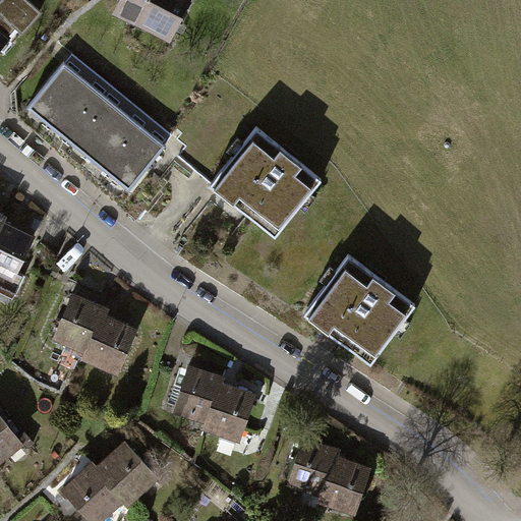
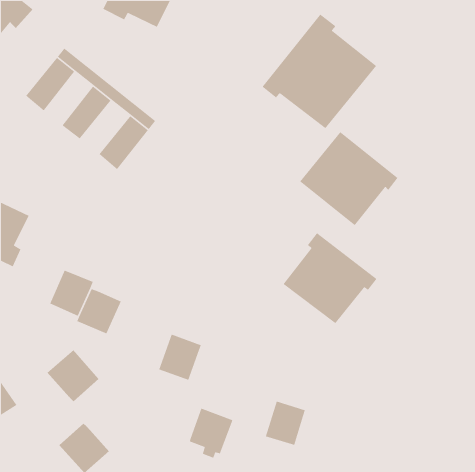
building: none -> [262,13,377,129]
building: [48,81,102,140] -> none
building: [88,113,142,172] -> none
building: [211,129,320,233] -> [299,131,399,226]
building: [206,387,254,443] -> [189,408,233,459]
building: [96,445,154,503] -> [47,349,100,402]
building: [320,459,368,511] -> none

